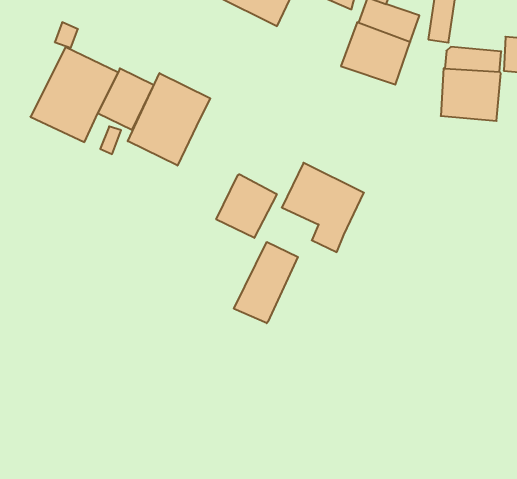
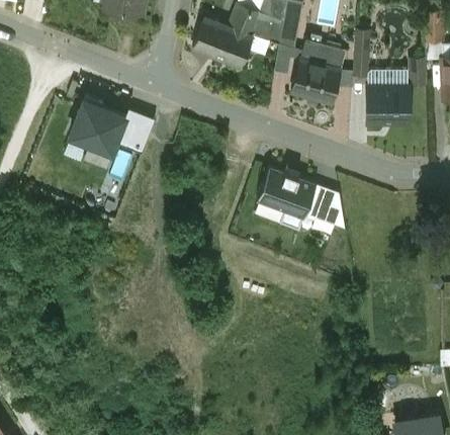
building: [128,73,210,166] -> none
building: [216,174,277,238] -> none
building: none -> [303,184,344,228]
building: [234,242,298,323] -> none

